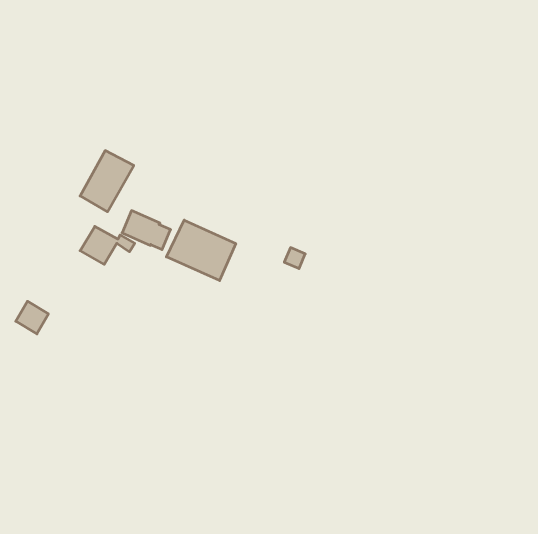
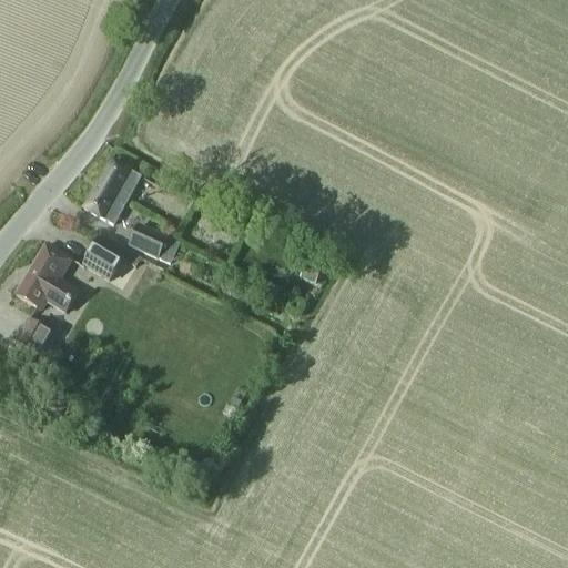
building: [166,220,236,281] -> none
building: none -> [17,242,78,311]

